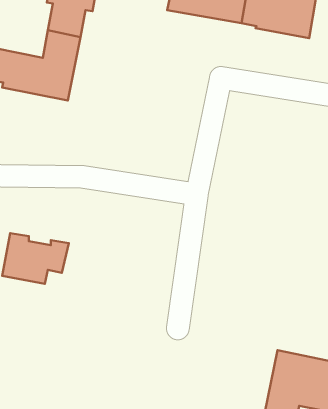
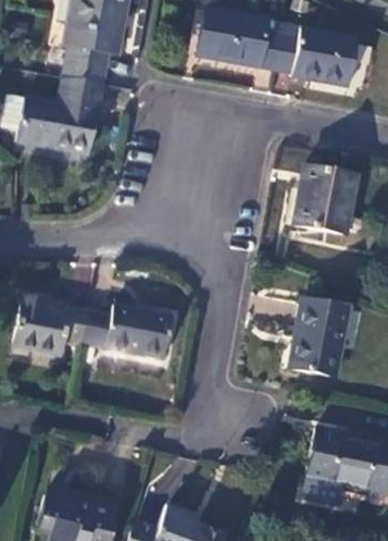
building: none -> [293,167,355,235]
building: none -> [289,299,348,377]
building: none -> [80,306,173,359]

